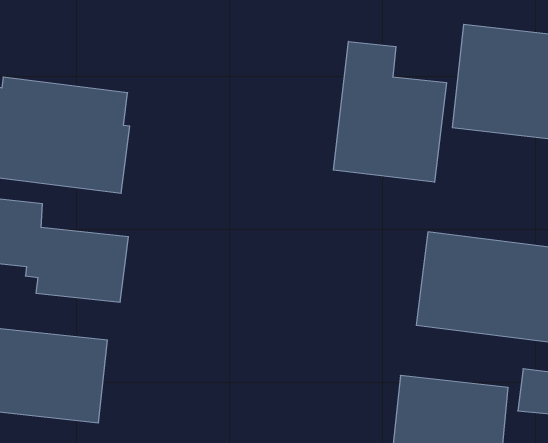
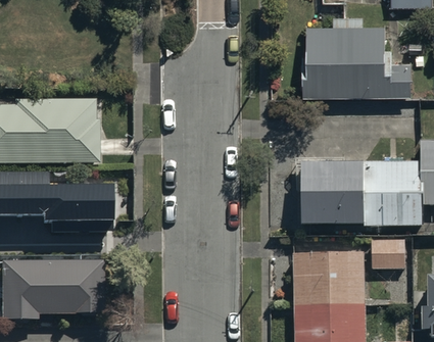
building: [333,41,446,182] -> none

